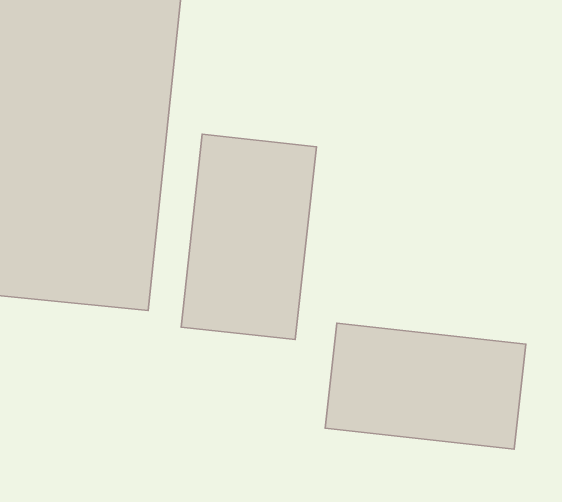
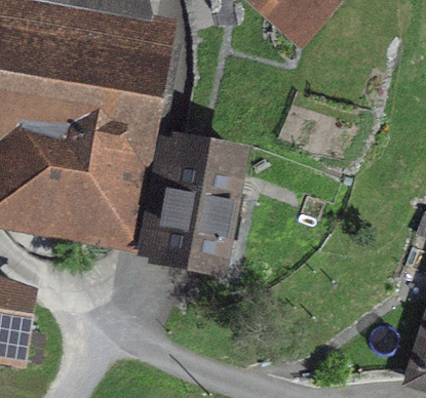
building: [325,323,526,449] -> none

